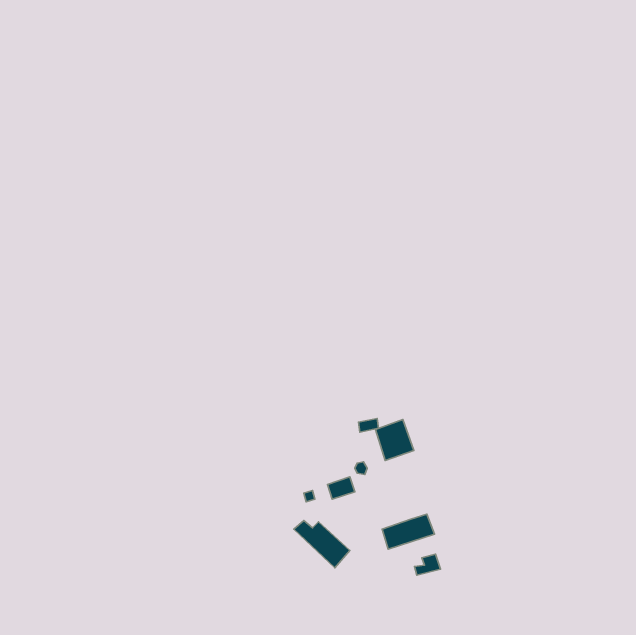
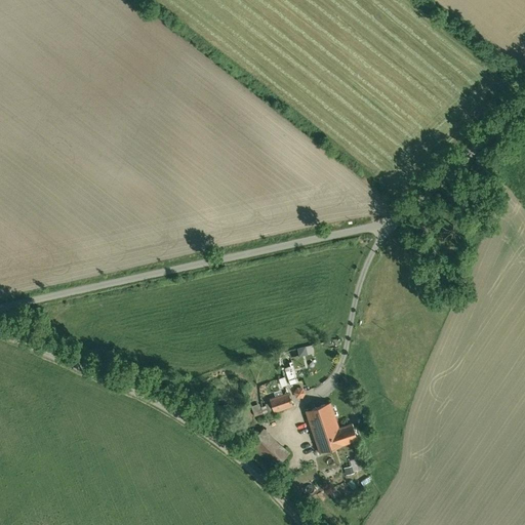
building: [375,419,414,461] -> [307,403,338,437]

